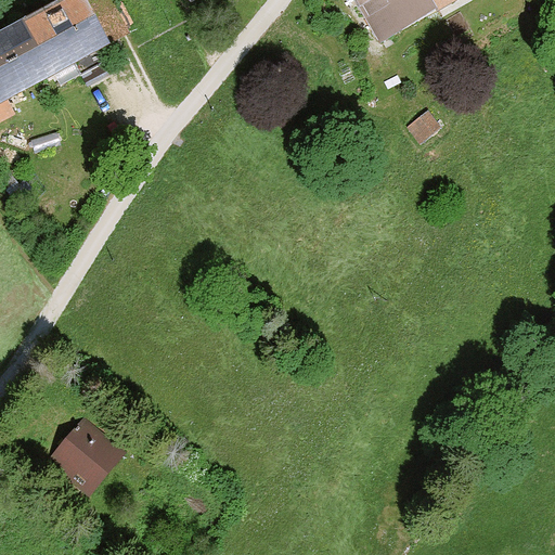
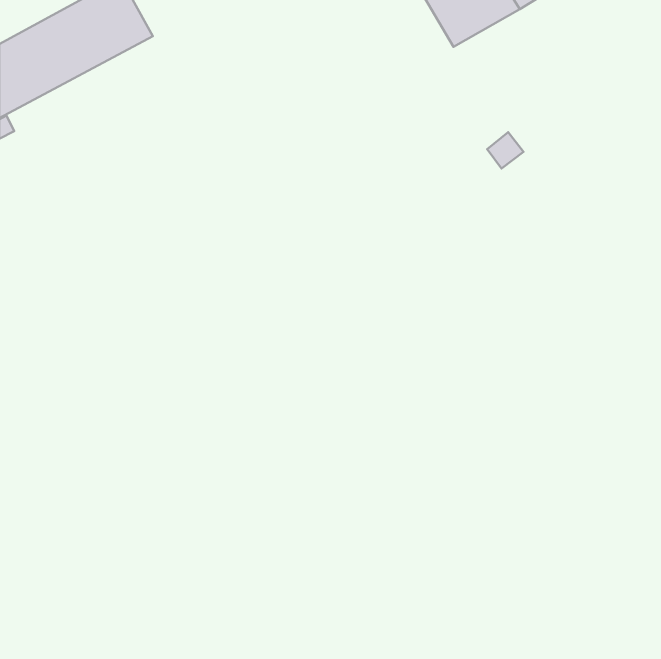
building: [51,420,116,486] -> none

